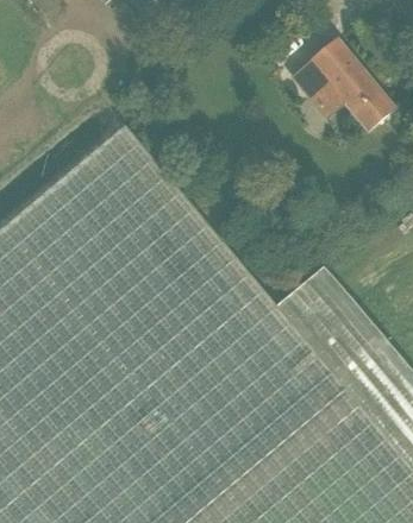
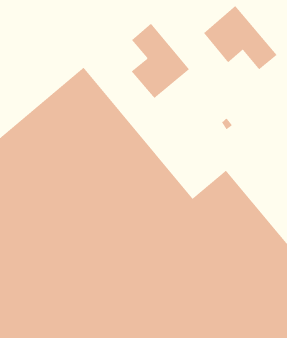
building: none -> [131,23,190,99]

